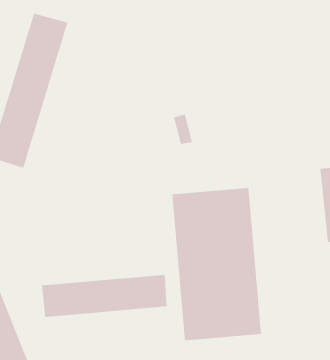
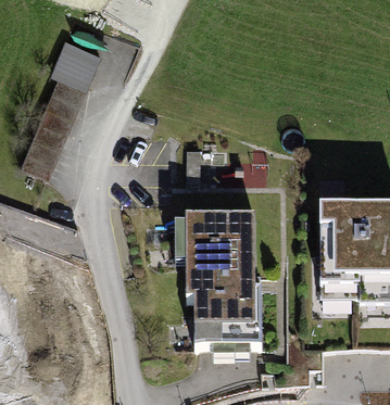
building: [42,274,167,318] -> none

